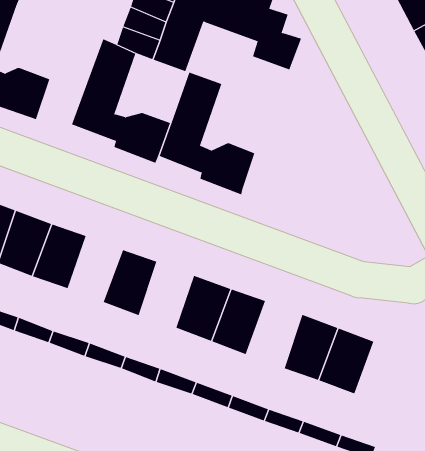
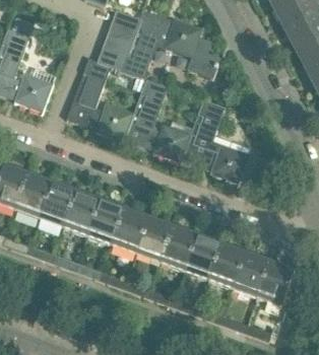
building: none -> [182,97,249,182]
building: none -> [64,189,101,233]
building: none -> [112,206,148,251]
building: none -> [184,232,221,278]
building: none -> [257,260,294,303]

